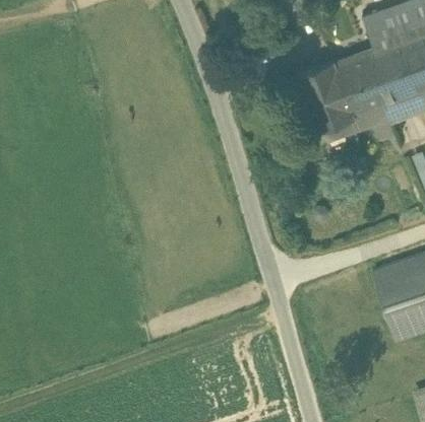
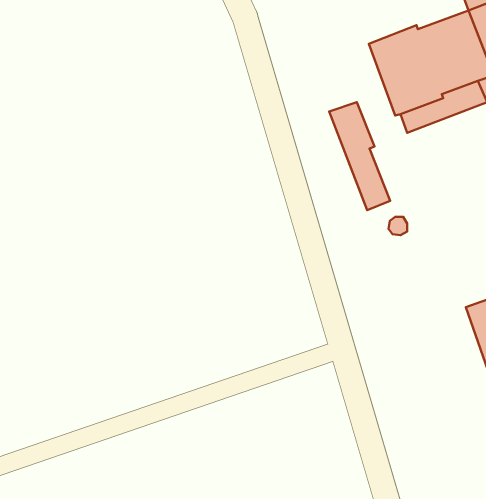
building: none -> [329,102,390,210]

